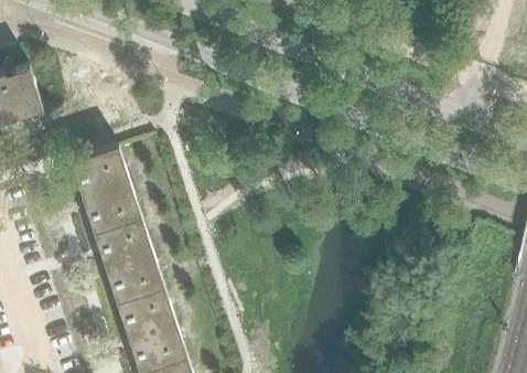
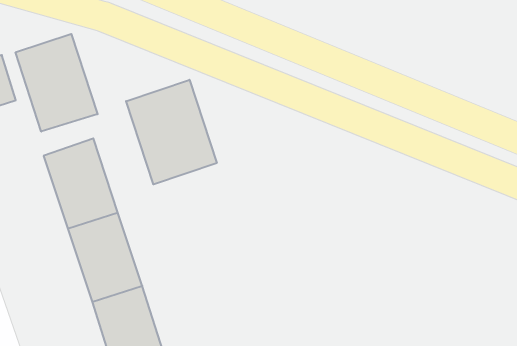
building: none -> [16,34,98,132]
building: none -> [126,80,217,184]

